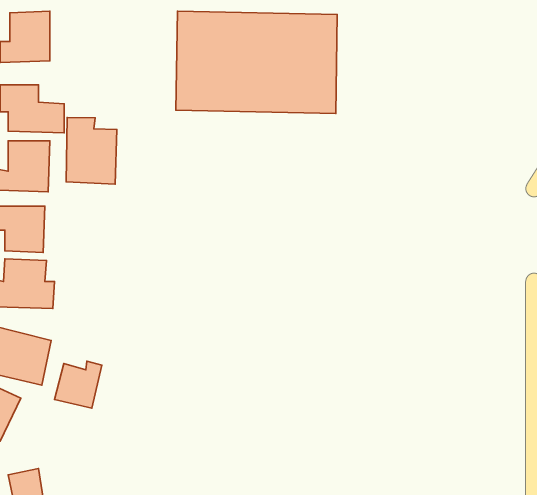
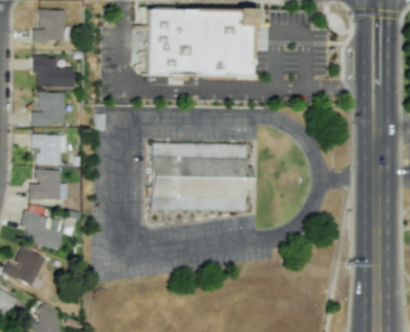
building: [66,117,117,184] -> none
building: none -> [148,144,253,211]
building: [54,361,102,408] -> none

